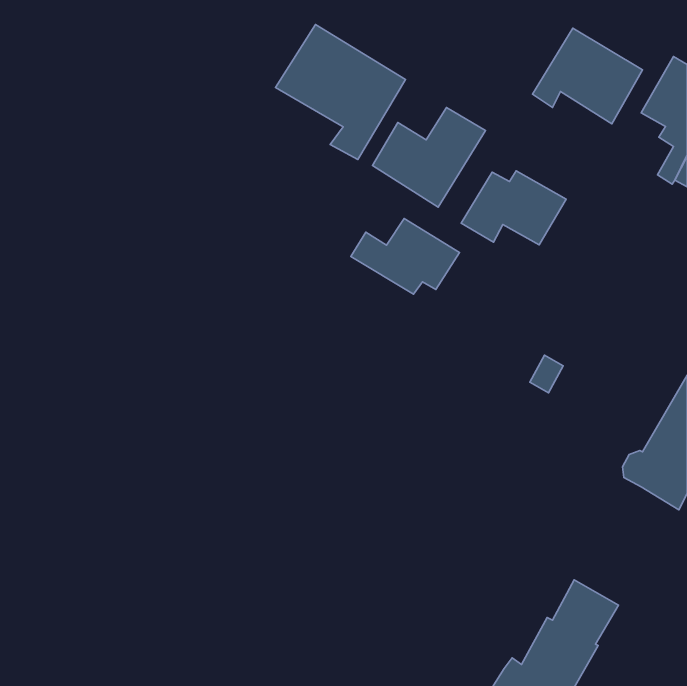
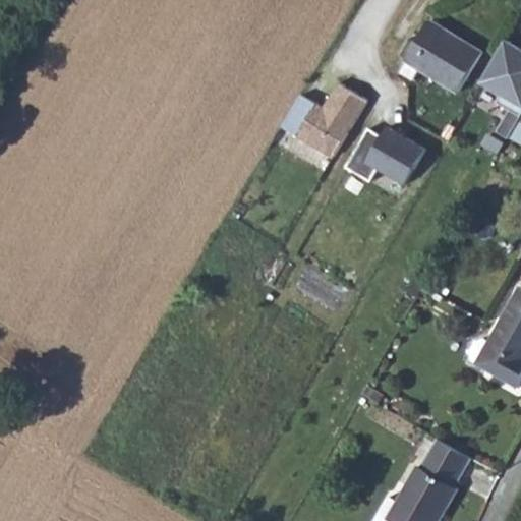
building: [275,24,405,160] -> none
building: [351,219,460,294] -> none

